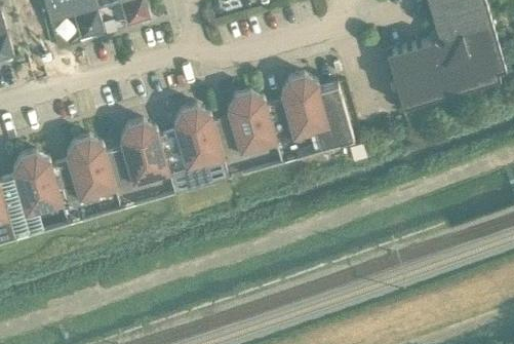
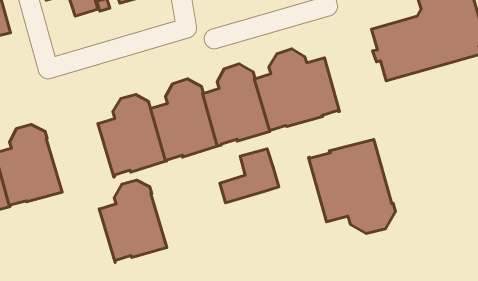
building: [49,136,119,221] -> [99,180,167,263]
building: none -> [308,139,395,233]
building: none -> [220,149,279,203]

